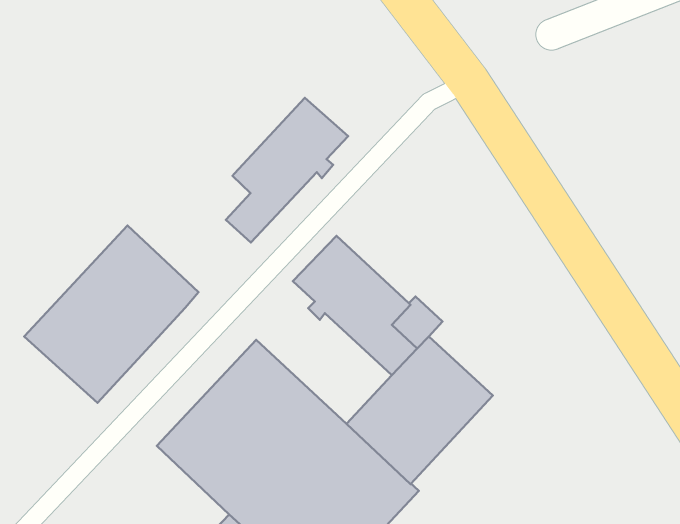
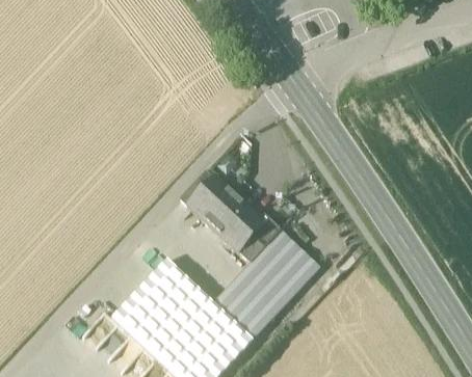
building: [226,98,348,243] -> none
building: [24,226,199,403] -> none

